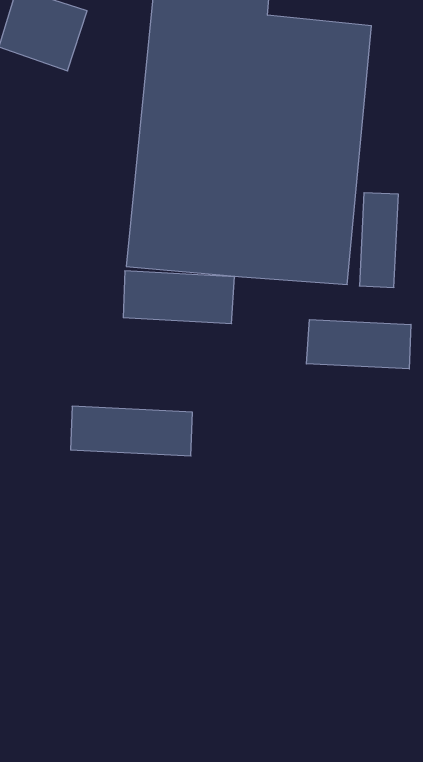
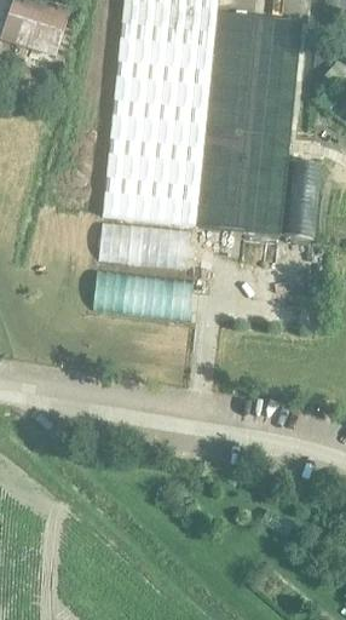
building: [306,320,411,369] -> none
building: [71,406,192,456] -> [94,272,192,312]

